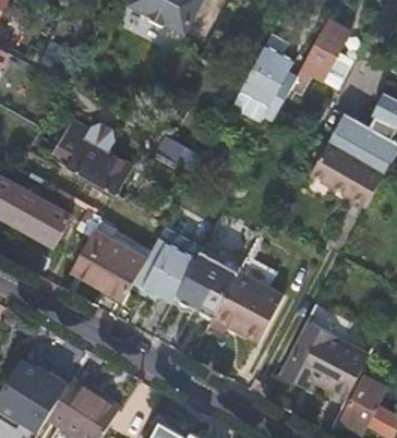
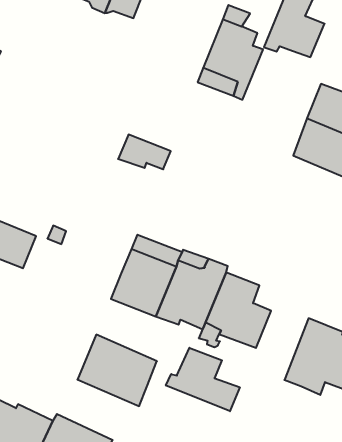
building: [52,120,132,196] -> none
building: [71,230,144,299] -> [77,335,157,406]
building: none -> [166,348,240,411]

